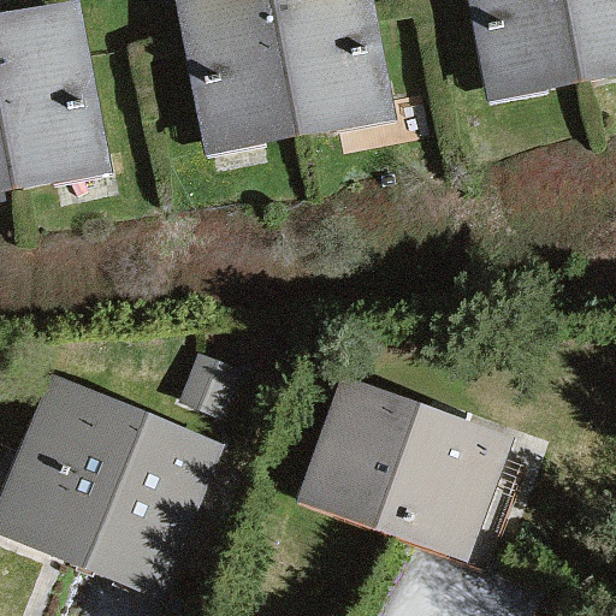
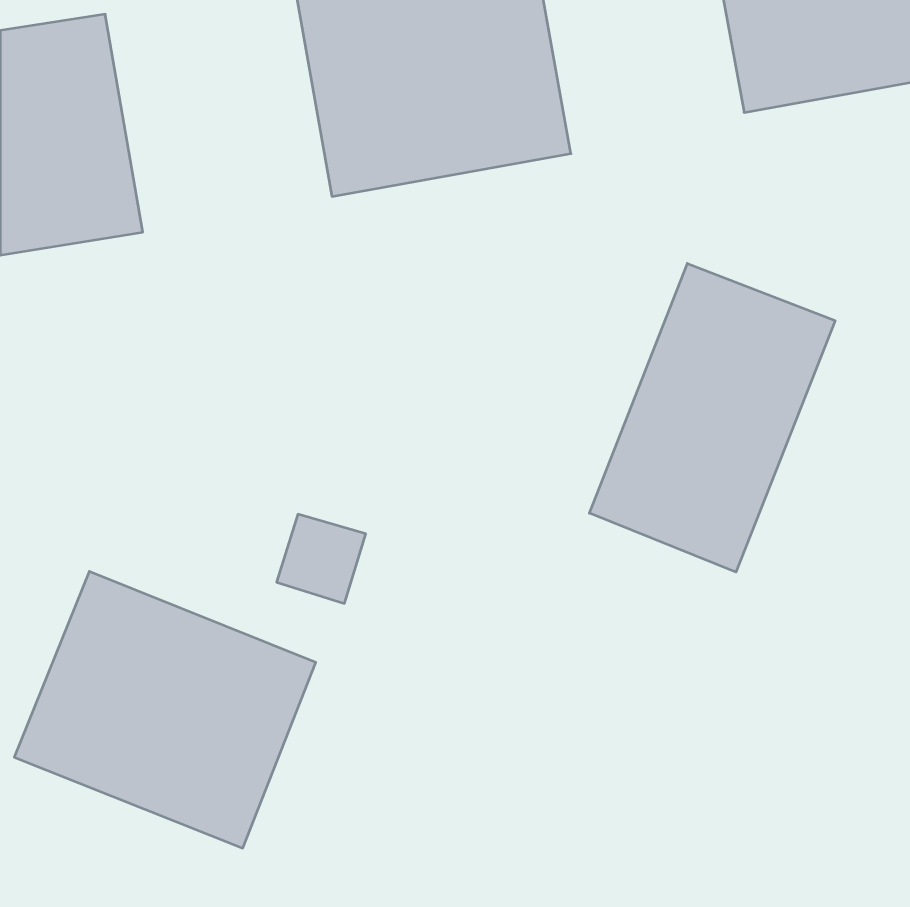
building: none -> [589,263,835,572]
building: [289,387,516,576] -> none

